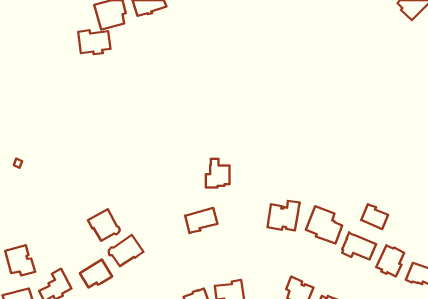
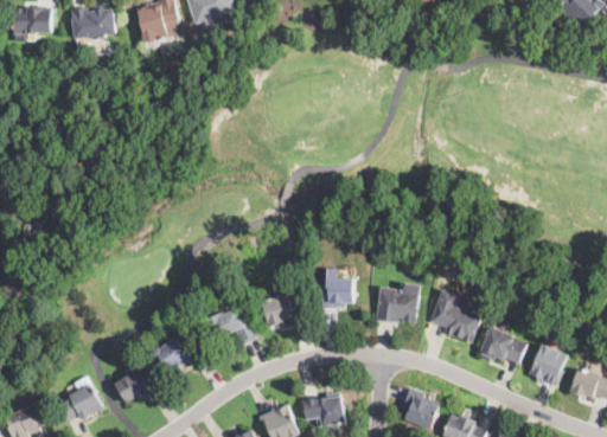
building: none -> [13,8,52,41]
building: [78,30,111,54] -> [71,7,116,40]
building: [206,159,230,188] -> [320,269,353,309]
building: [361,204,388,229] -> none
building: [88,209,120,241] -> none
building: none -> [205,309,258,345]
building: [5,245,35,276] -> none

